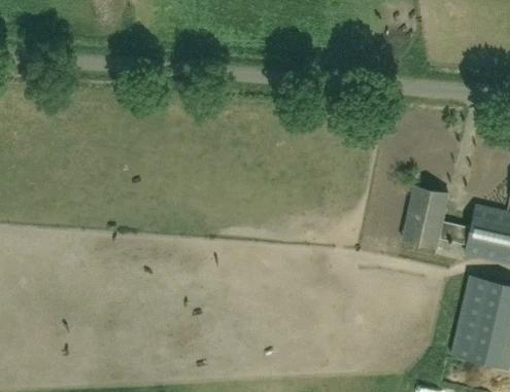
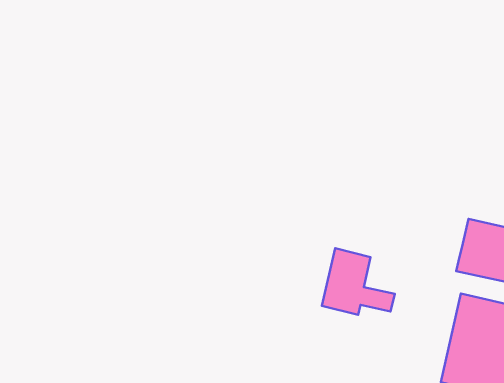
building: [403,186,471,248] -> [322,248,395,315]

